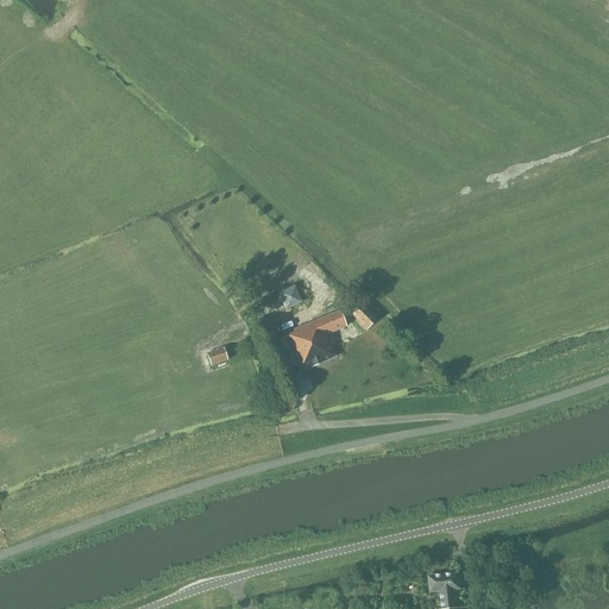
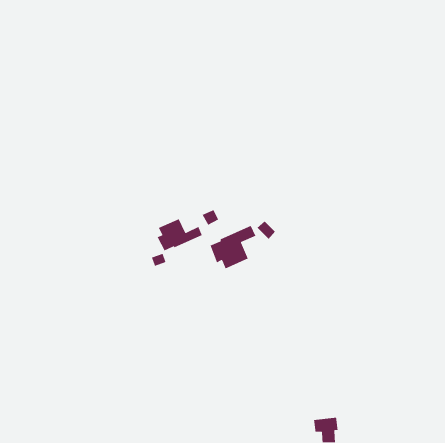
building: none -> [157,218,203,252]

